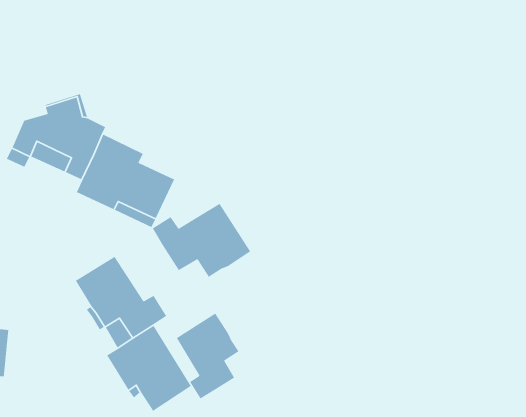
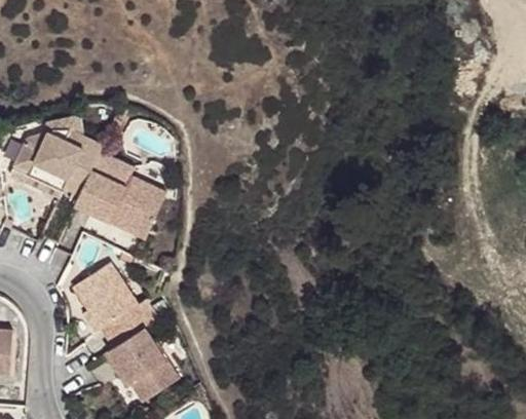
building: [152,203,251,278] -> none
building: [176,313,239,399] -> none

